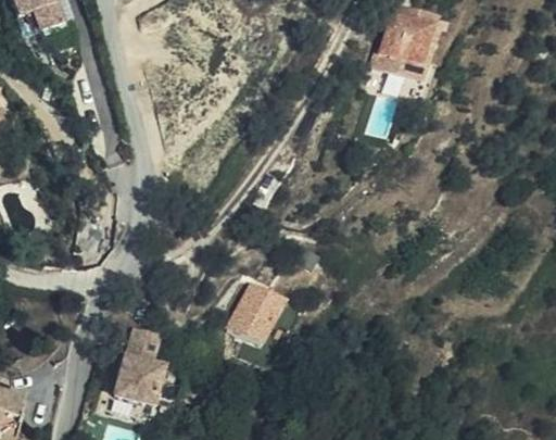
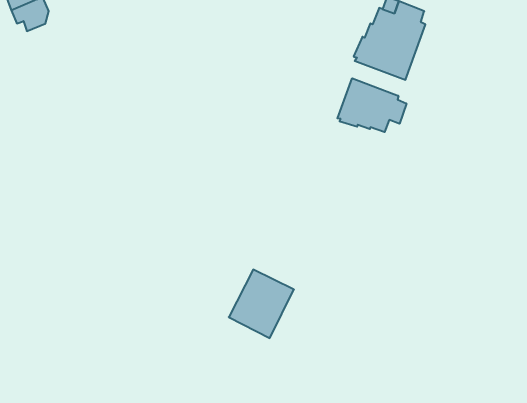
building: none -> [337,78,406,132]
building: [110,320,159,401] -> none

